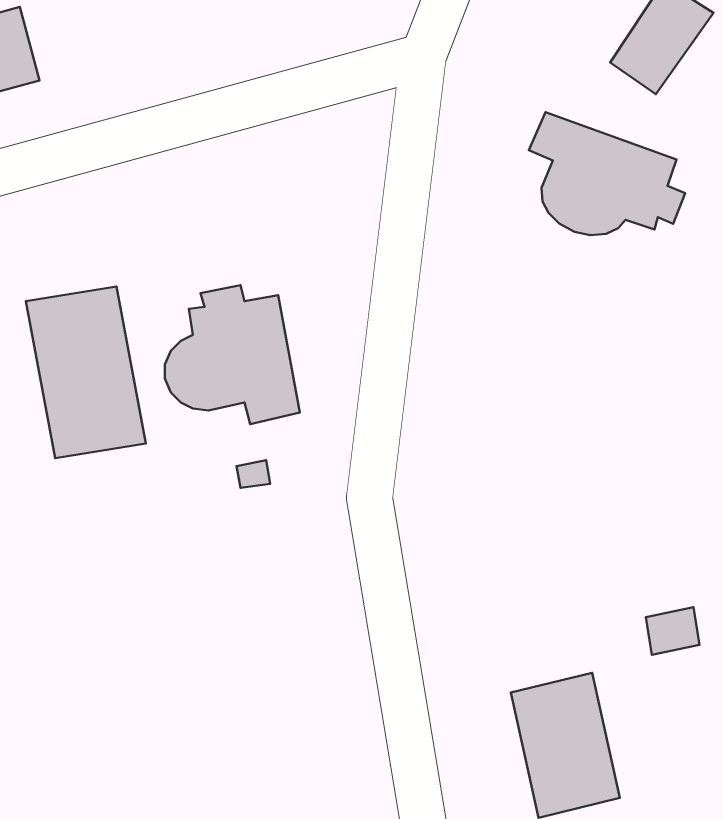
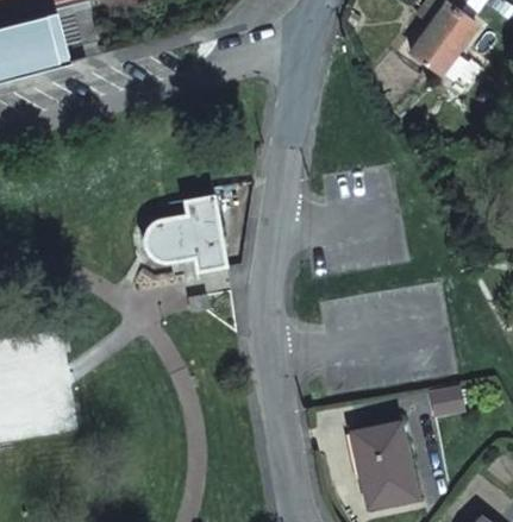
building: [529,112,685,235] -> none
building: [26,286,146,458] -> none

